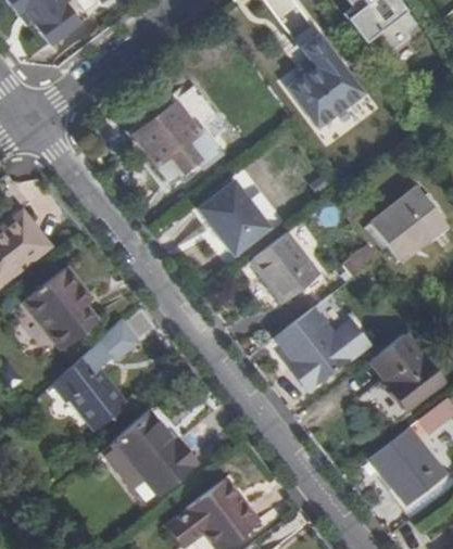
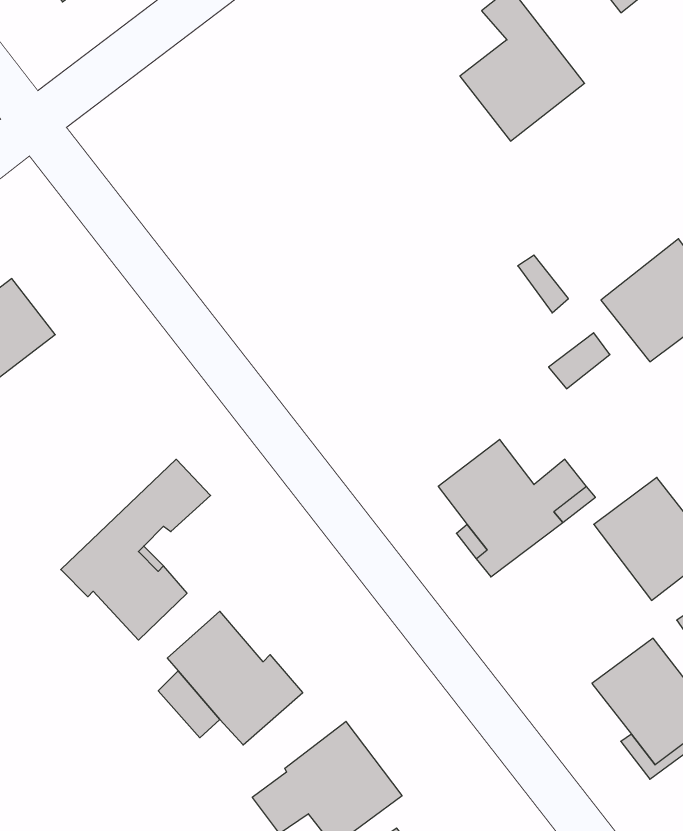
building: [131,102,219,182] -> none
building: [197,180,269,255] -> none
building: [253,230,323,302] -> none
building: [22,266,96,349] -> none

